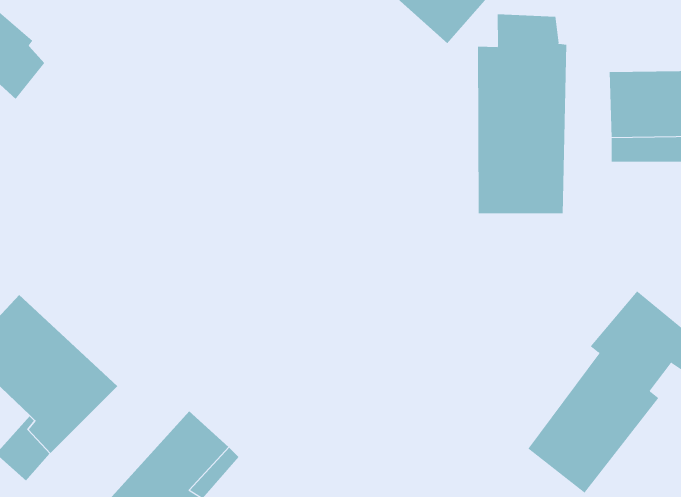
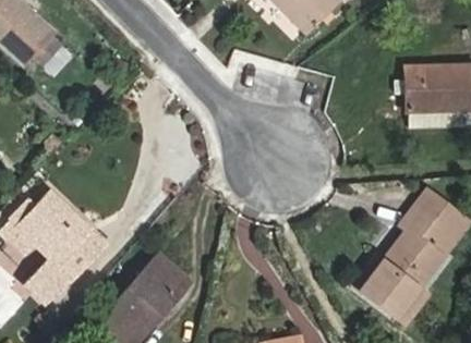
building: [477,14,567,214] -> none

